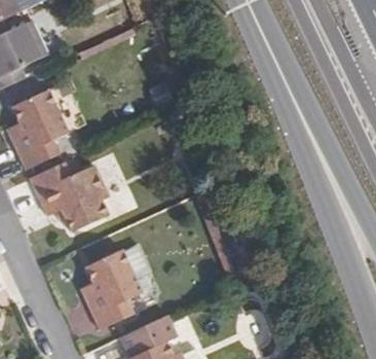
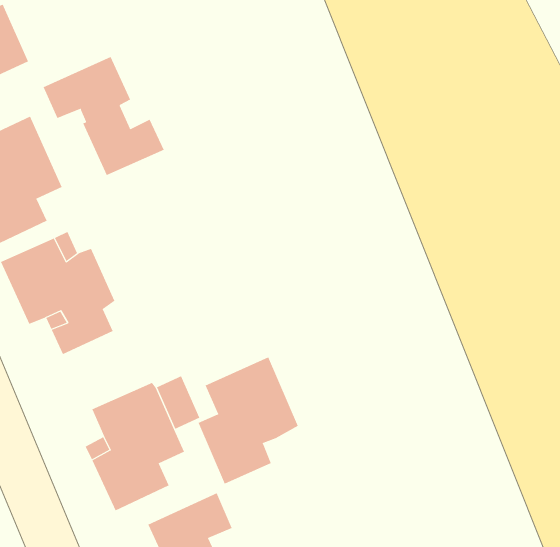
building: none -> [43,56,165,176]
building: none -> [198,357,299,484]

